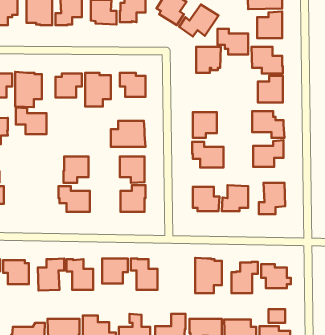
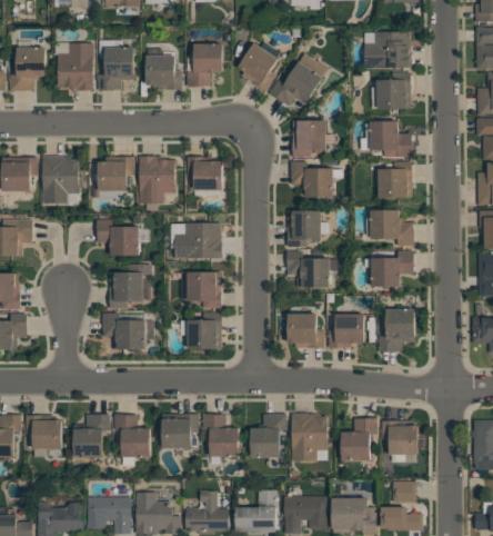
building: [218,29,248,55] -> [291,161,333,197]
building: [16,107,47,134] -> [97,218,139,255]
building: none -> [250,413,286,456]

